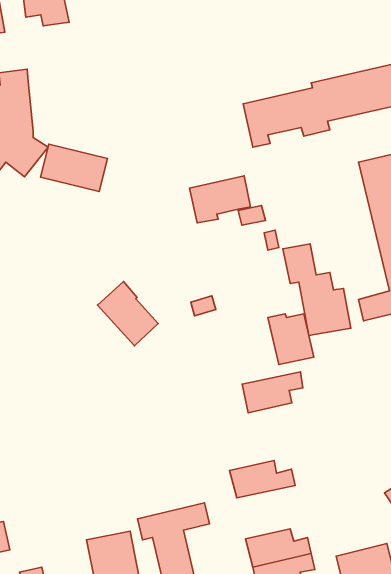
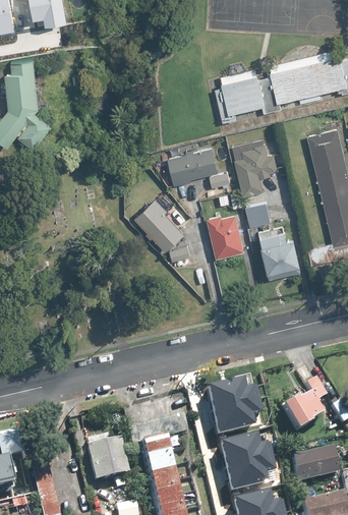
building: [41,144,108,192] -> none
building: none -> [231,138,277,195]
building: [97,282,158,346] -> [134,197,184,250]
building: [268,314,314,364] -> [207,214,244,255]
building: [242,372,303,413] -> [207,401,256,435]
building: none -> [279,380,324,433]

